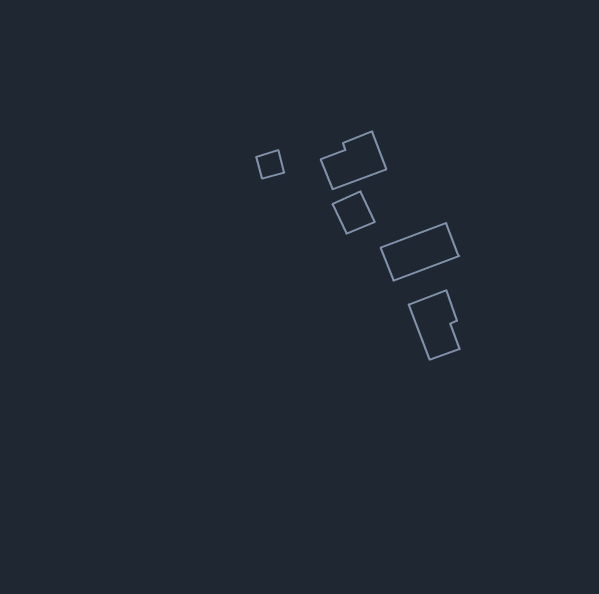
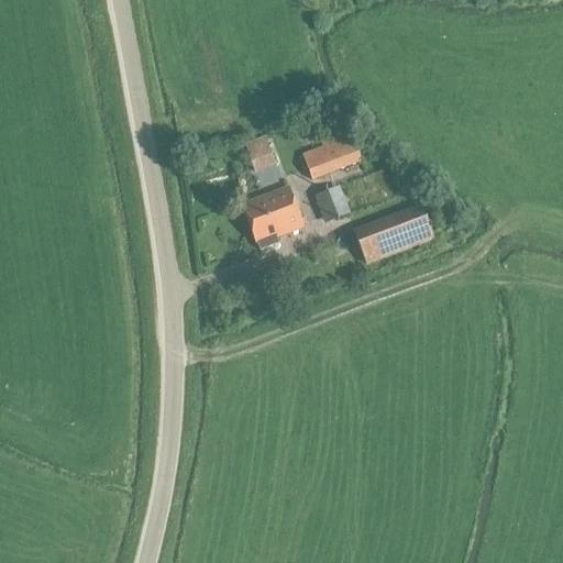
building: none -> [240,185,303,247]
building: [409,290,460,360] -> none

